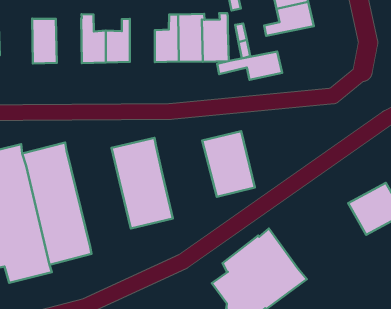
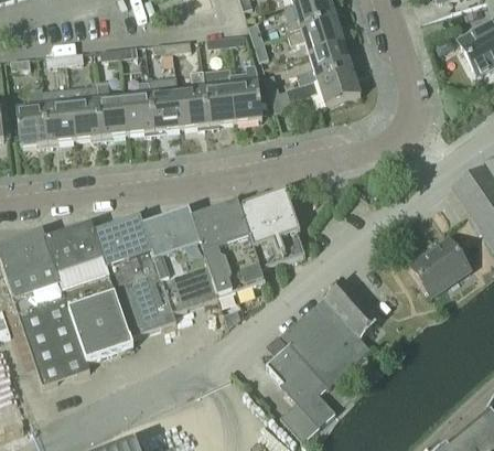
building: none -> [17,87,46,142]
building: none -> [149,76,181,128]
building: none -> [67,85,100,137]
building: [217,52,282,80] -> [288,69,361,104]
building: none -> [191,202,264,297]
building: none -> [93,216,175,336]
building: none -> [323,278,380,339]

